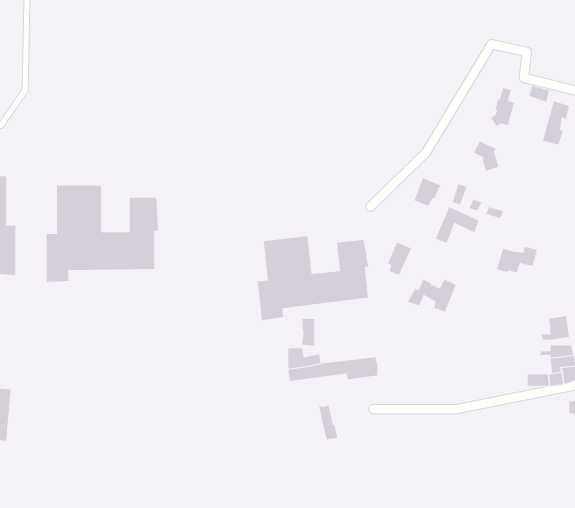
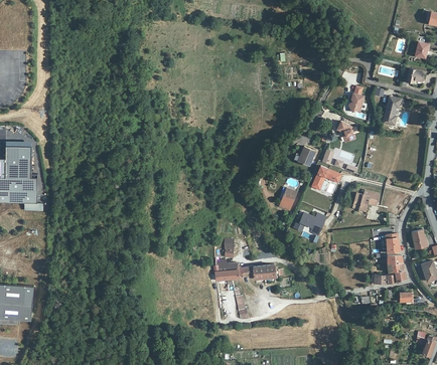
building: [46,185,158,283] -> none
building: [257,236,369,321] -> none

